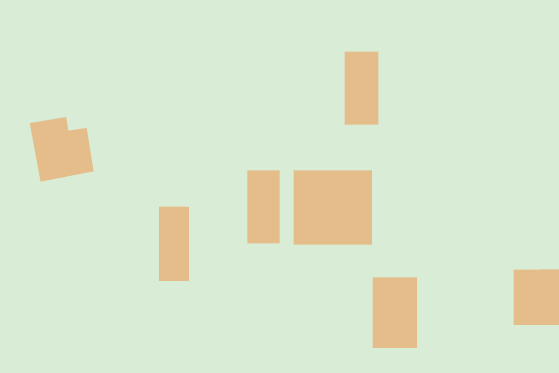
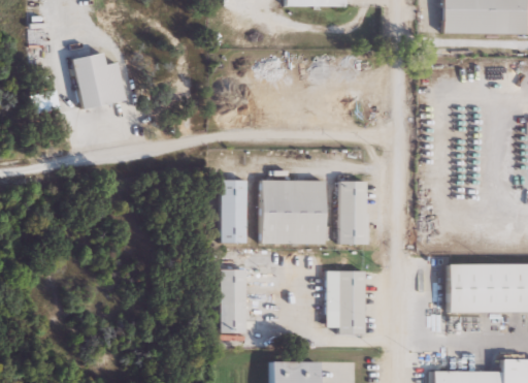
building: [344,51,379,125] -> [339,181,369,244]
building: [29,117,95,182] -> [70,53,126,108]
building: [158,206,190,281] -> [219,269,245,333]

